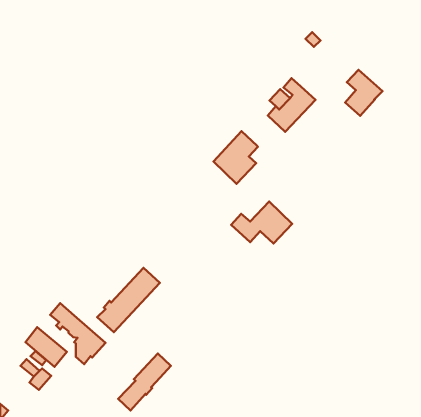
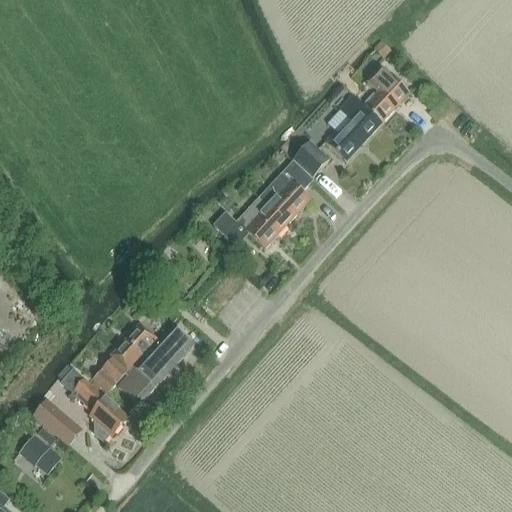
building: [345,70,382,116] -> [365,65,410,121]
building: none -> [292,140,329,177]
building: [231,202,292,244] -> [213,196,287,247]
building: [118,354,171,410] -> [92,323,156,392]

